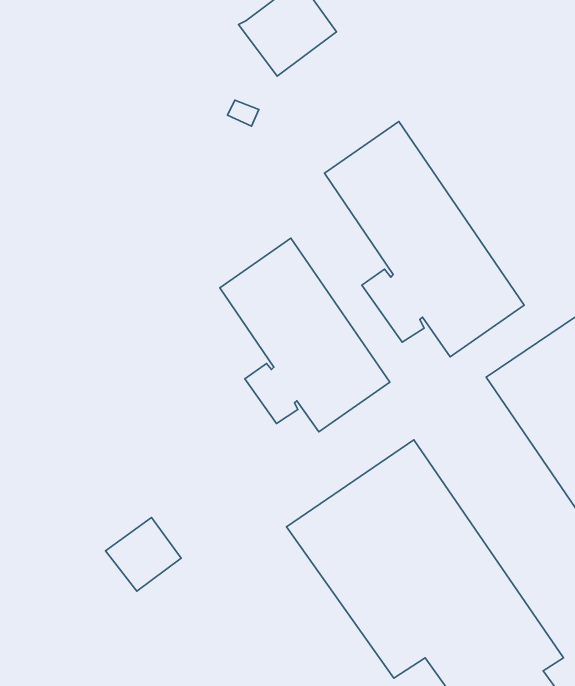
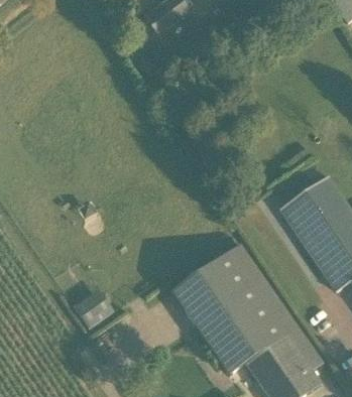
building: [325,122,524,357] -> none
building: [220,238,390,432] -> none

